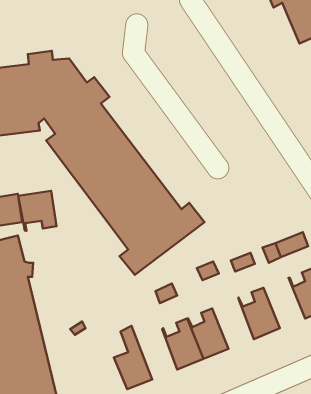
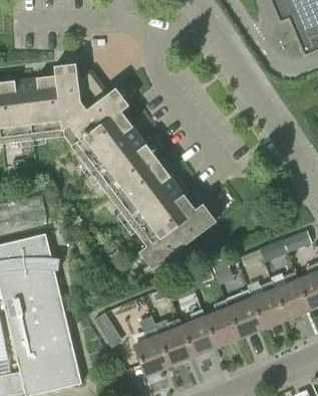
building: [18,191,57,231] -> none
building: none -> [271,272,309,319]
building: none -> [224,291,262,338]
building: none -> [149,317,192,366]

